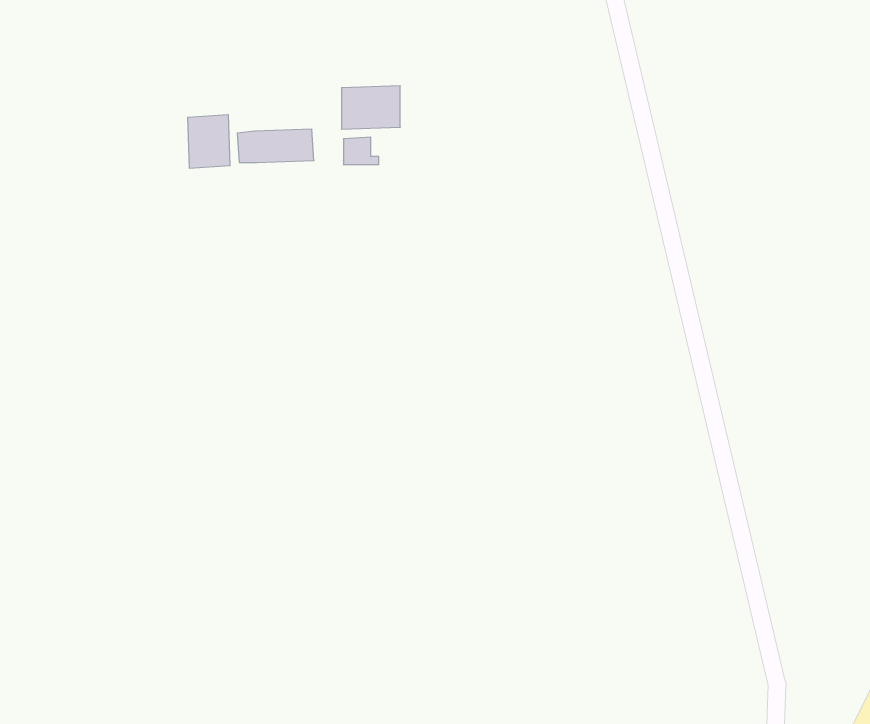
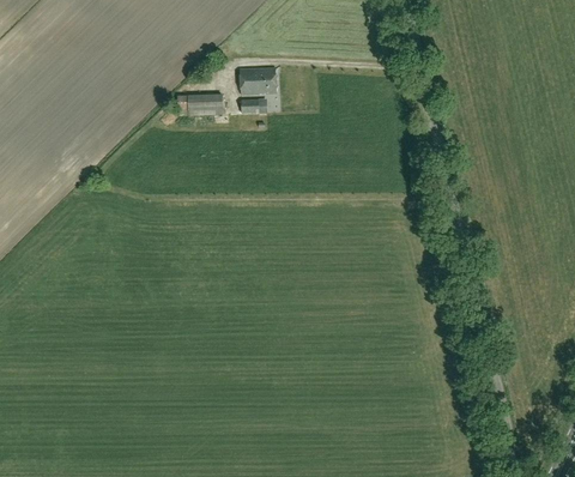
building: [188,115,230,168] -> none

